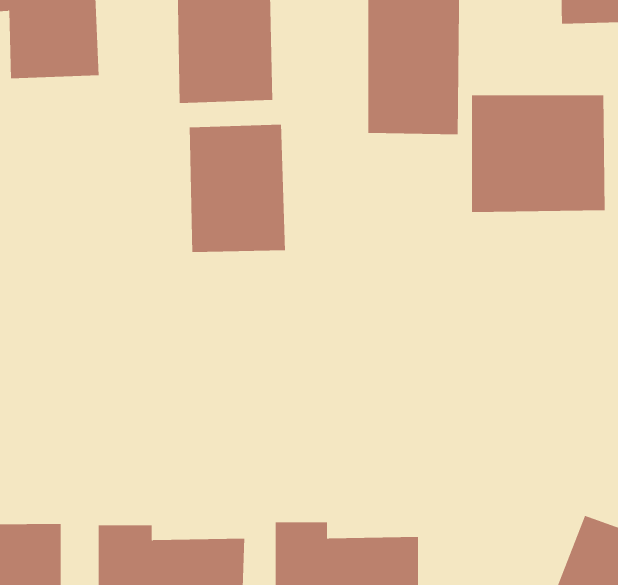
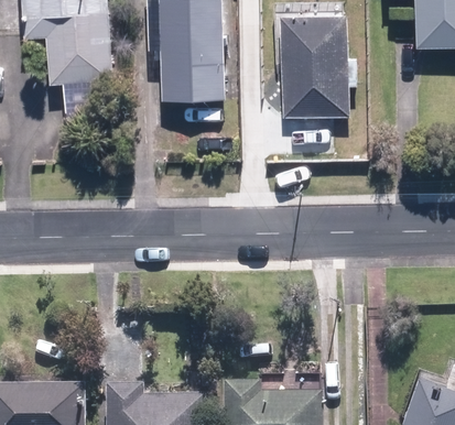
building: [472,95,605,213] -> none
building: [189,124,286,253] -> none

